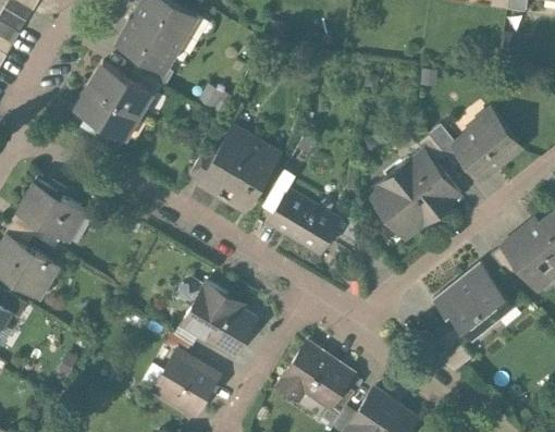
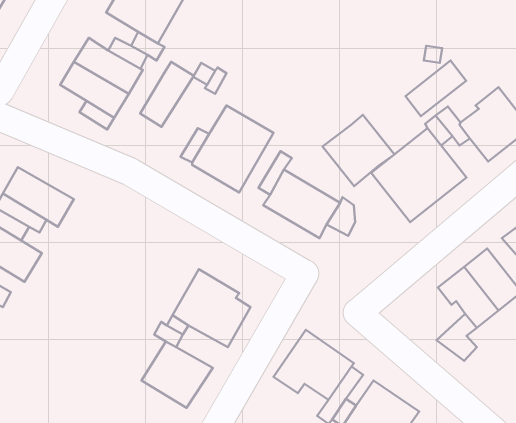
building: none -> [405,61,466,116]
building: none -> [140,62,194,127]
building: none -> [323,115,394,186]

